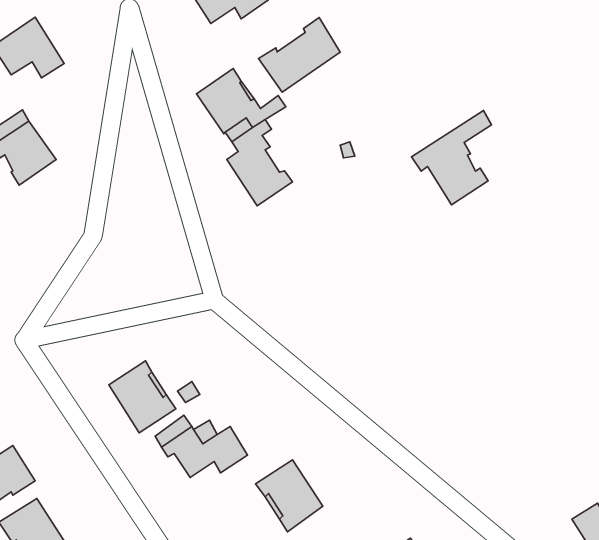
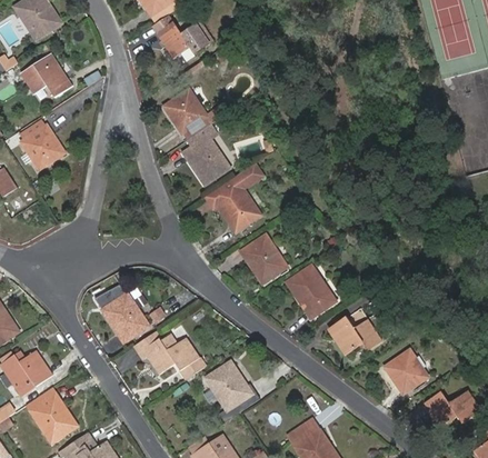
building: [259,17,340,92] -> none
building: [412,111,491,205] -> [207,166,262,231]
building: none -> [240,233,288,283]
building: none -> [287,265,336,318]
building: none -> [331,318,380,352]
building: none -> [384,349,428,394]

